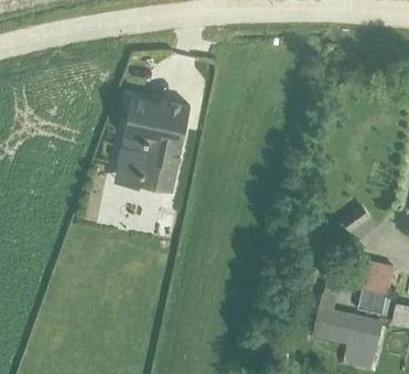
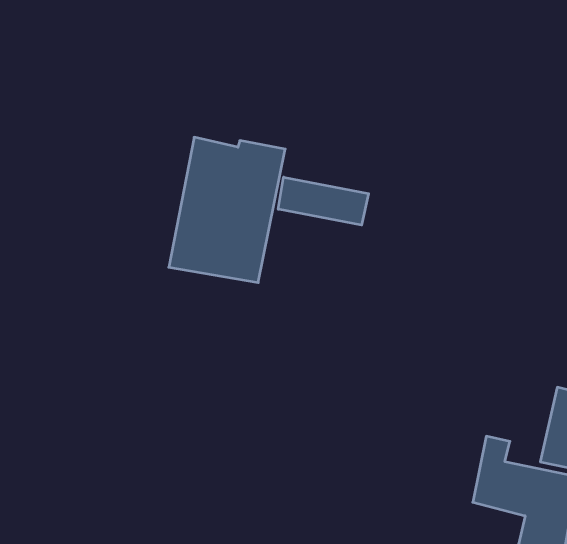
building: none -> [278,177,369,225]

